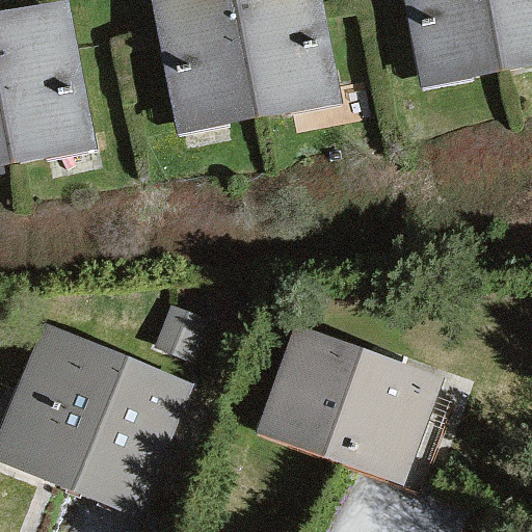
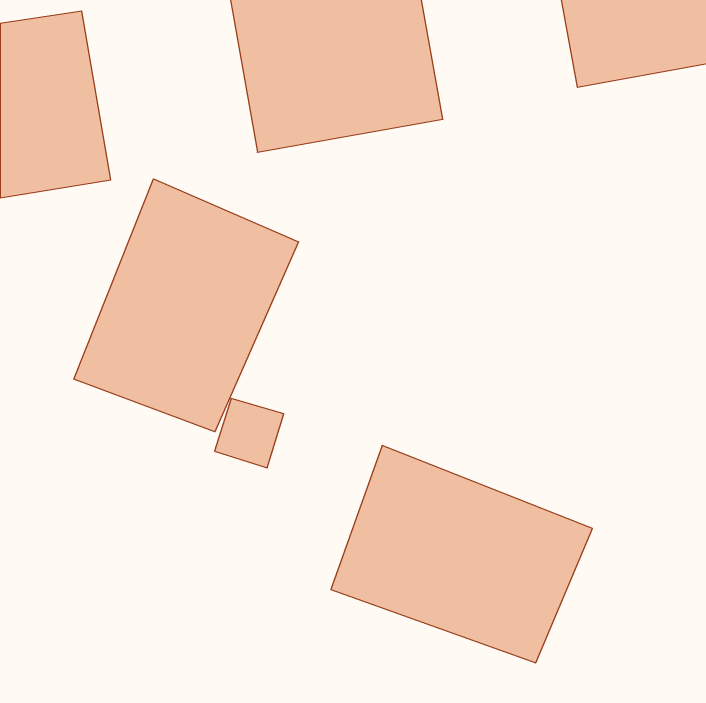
building: none -> [74,179,298,432]
building: [9,332,185,494] -> none

